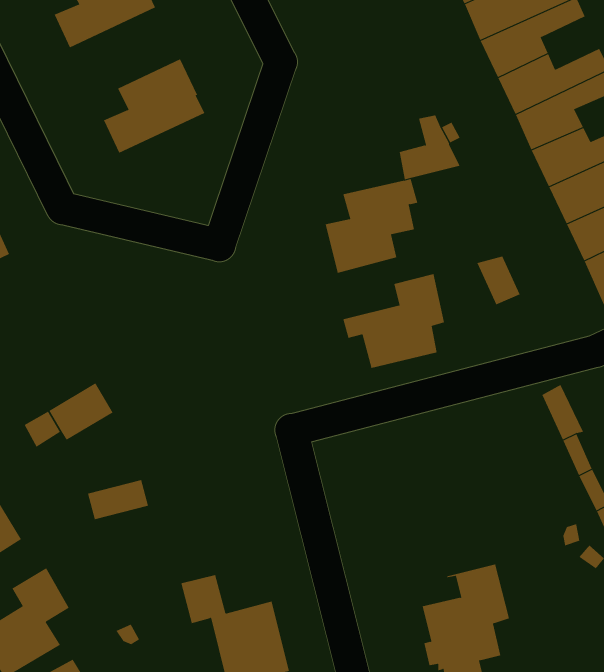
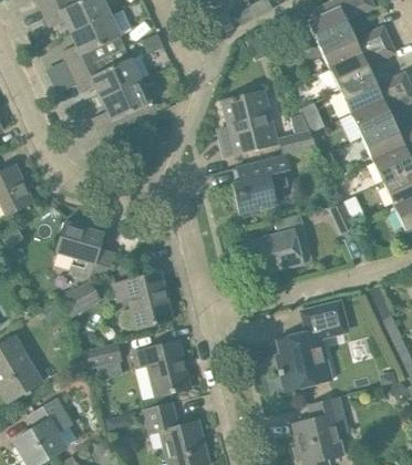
building: none -> [71,46,141,97]
building: none -> [220,91,276,155]
building: none -> [56,221,115,280]
building: none -> [113,271,173,330]
building: none -> [276,308,337,391]
building: none -> [132,340,189,396]

